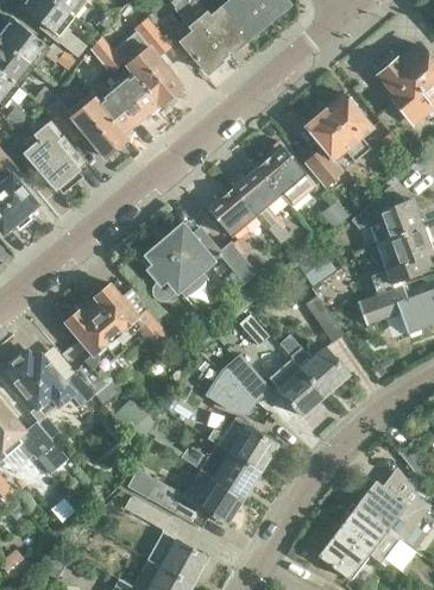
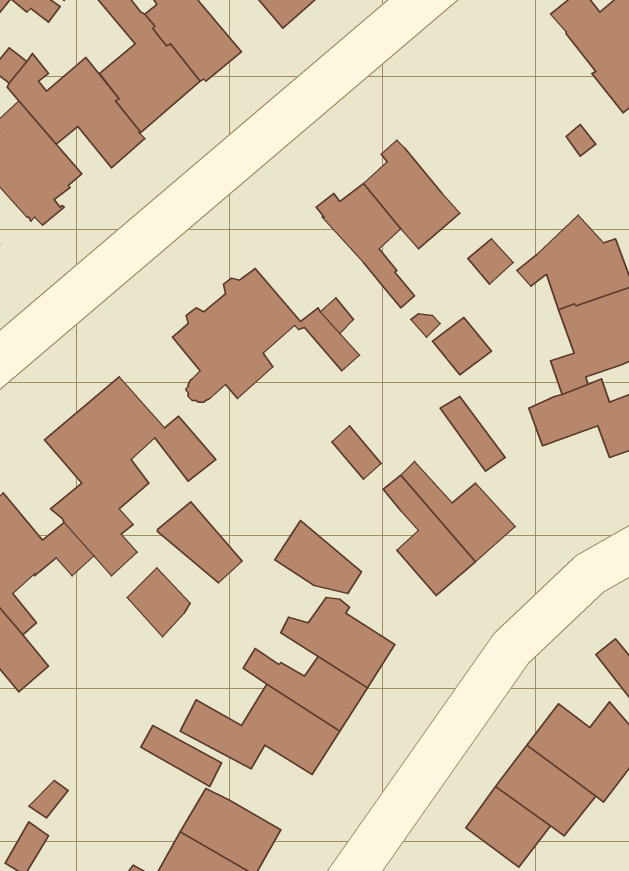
building: [303,95,370,187] -> none
building: [203,188,257,237] -> none
building: [219,353,270,402] -> [157,502,242,583]

